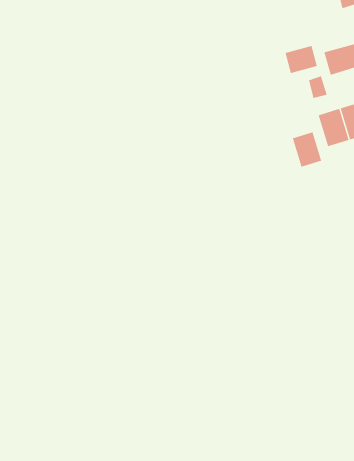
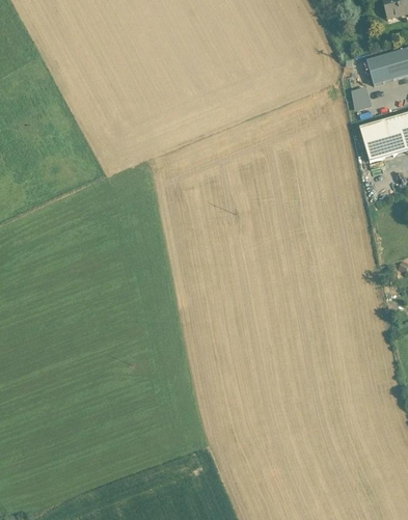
building: [285,45,318,74] -> none
building: [292,132,322,167] -> none

